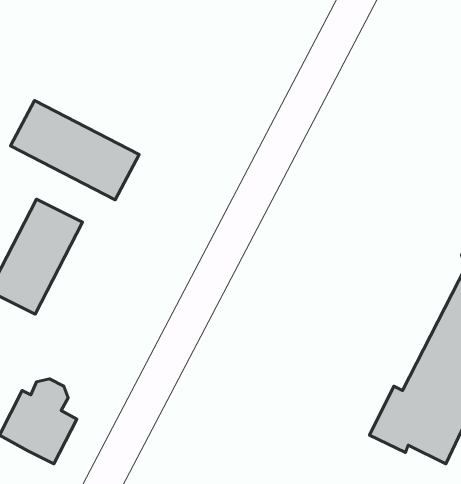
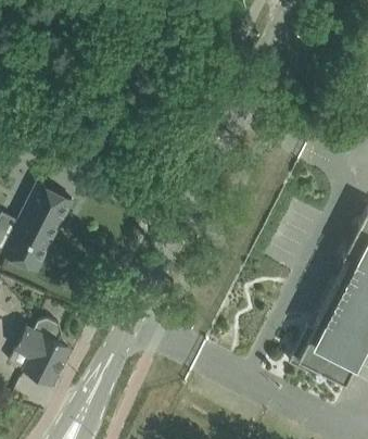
building: [10,100,139,200] -> none

